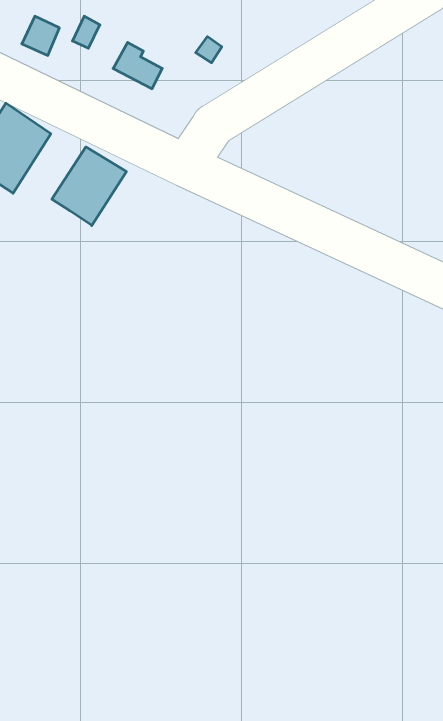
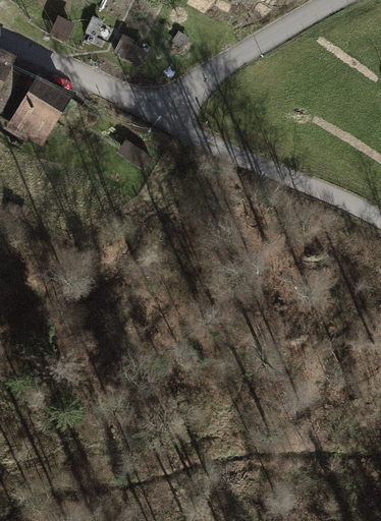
building: [52,147,126,226] -> none

